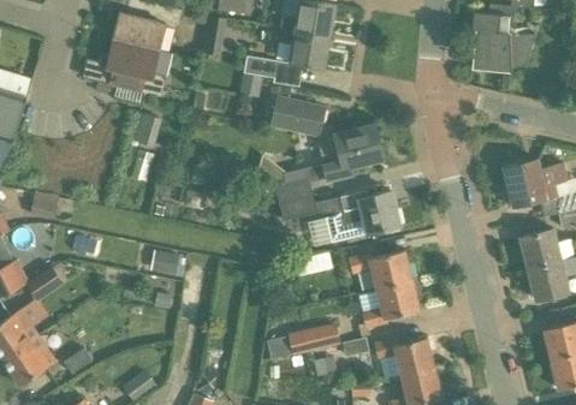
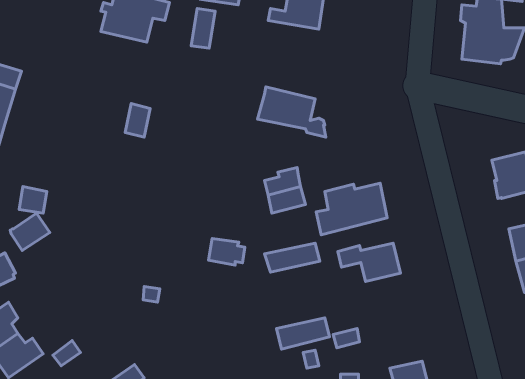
building: [243,28,329,87] -> none
building: [84,38,165,95] -> none
building: [317,124,382,179] -> none
building: [149,250,185,276] -> [209,239,245,265]
building: [24,264,64,302] -> [10,213,50,251]
building: [362,280,418,328] -> none
building: [373,335,433,379] -> none

